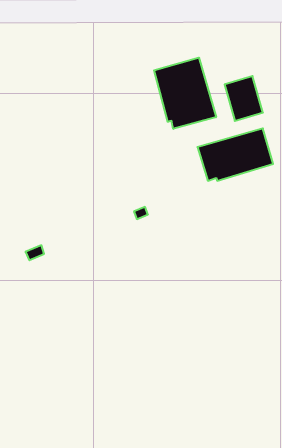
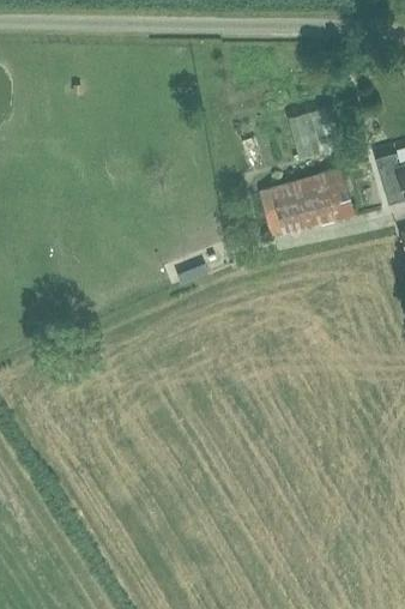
building: [154,58,216,129] -> none

